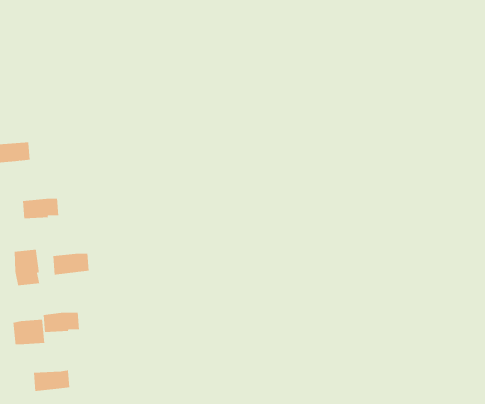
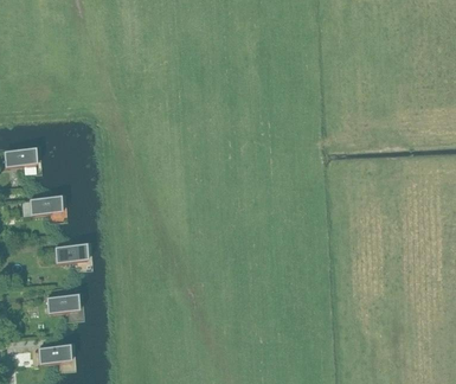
building: [14,249,40,286] -> none
building: [13,319,45,345] -> none

